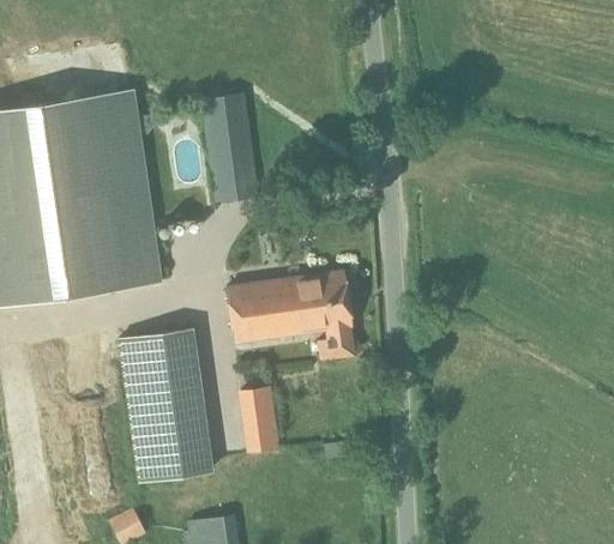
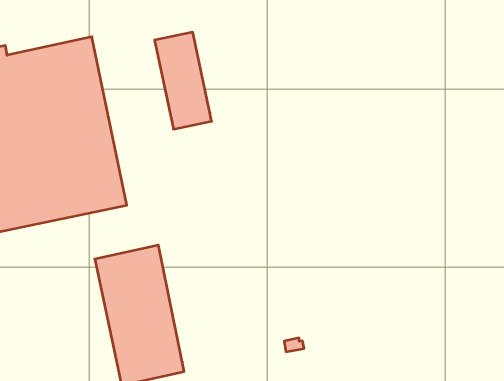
building: [227,273,354,361] -> none
building: [239,387,281,454] -> none

